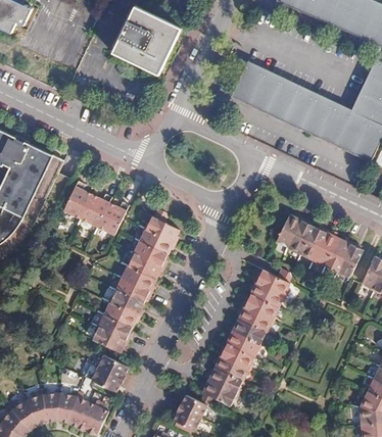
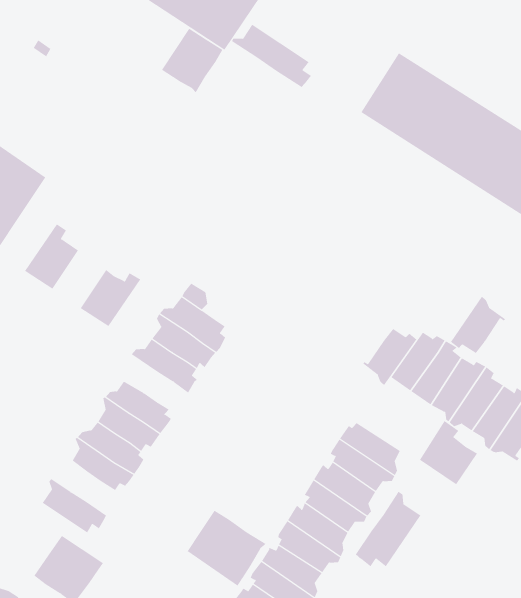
building: none -> [231,24,312,88]
building: none -> [161,28,223,93]
building: none -> [450,296,506,354]
building: [80,196,110,229] -> none
building: none -> [362,328,417,386]
building: [126,250,162,278] -> none
building: none -> [419,420,478,485]
building: none -> [355,491,421,567]
building: [93,313,132,341] -> none
building: none -> [187,510,267,586]

